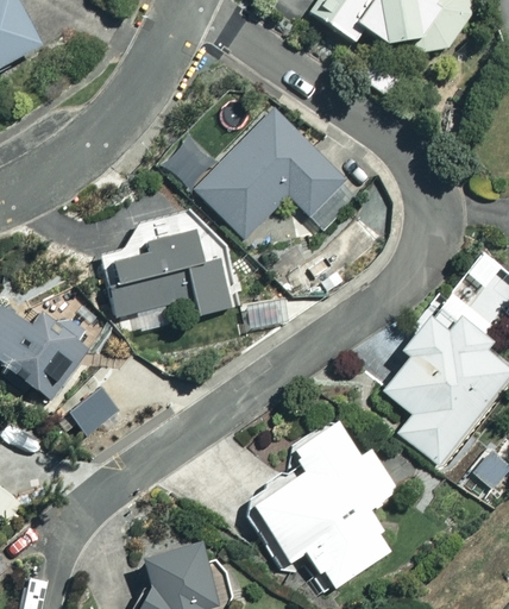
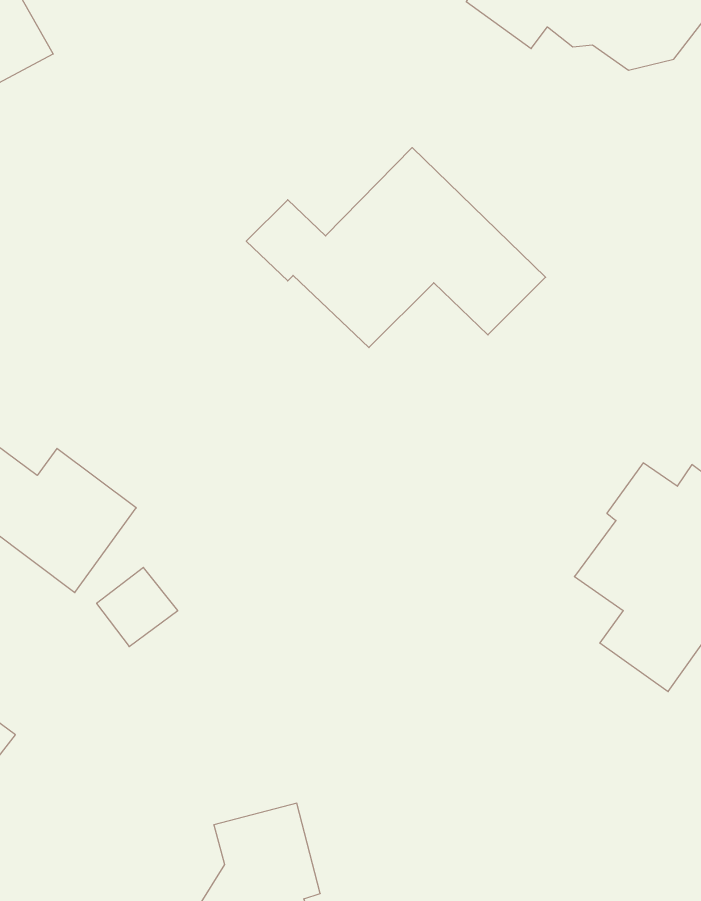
building: [103,230,232,316] -> none
building: [241,417,398,589] -> none

